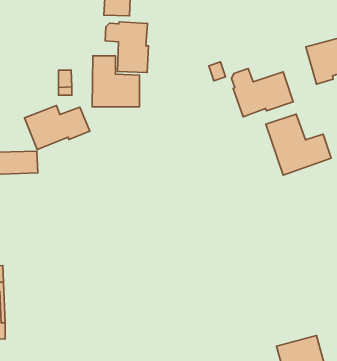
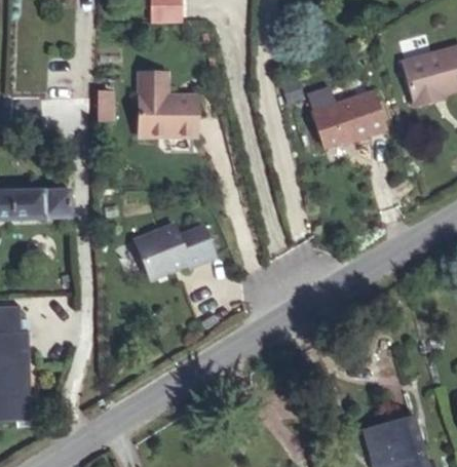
building: [105,22,148,72] -> none
building: [25,105,90,150] -> [135,224,215,278]
building: [266,114,331,175] -> none

